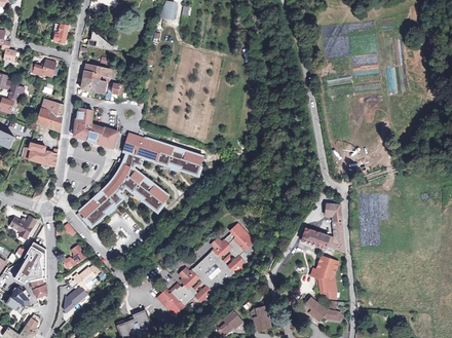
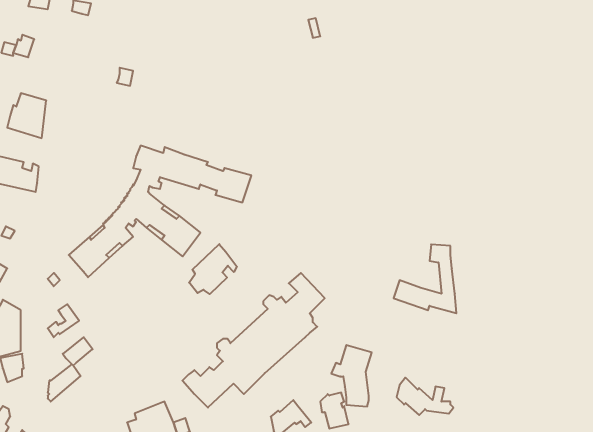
building: [80,64,119,92] -> none
building: [74,108,117,147] -> none
building: none -> [189,244,237,294]
building: [310,256,338,298] -> [331,345,372,406]

